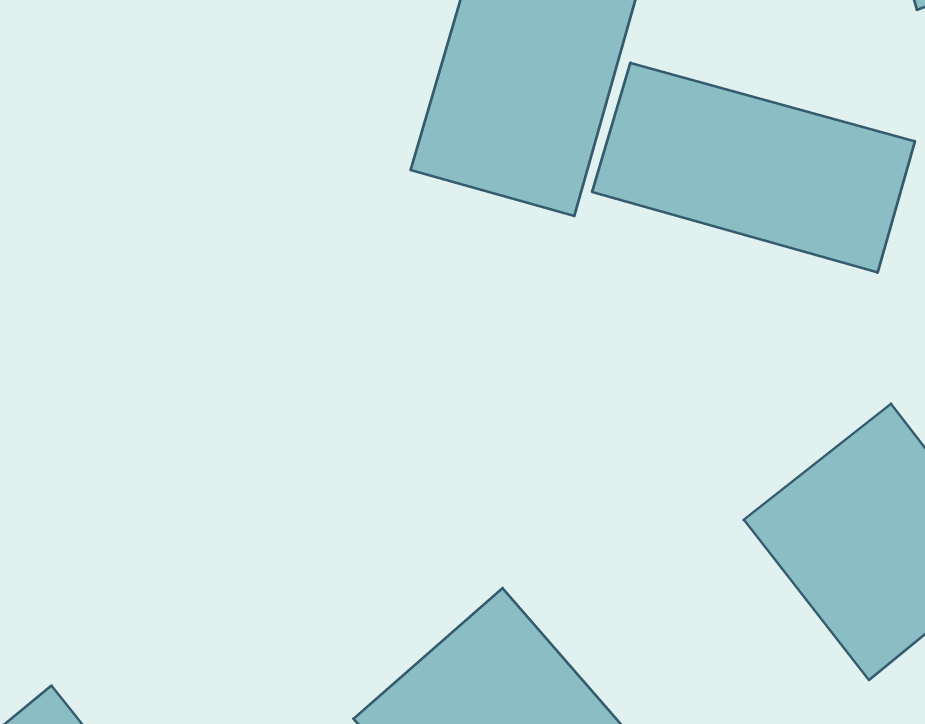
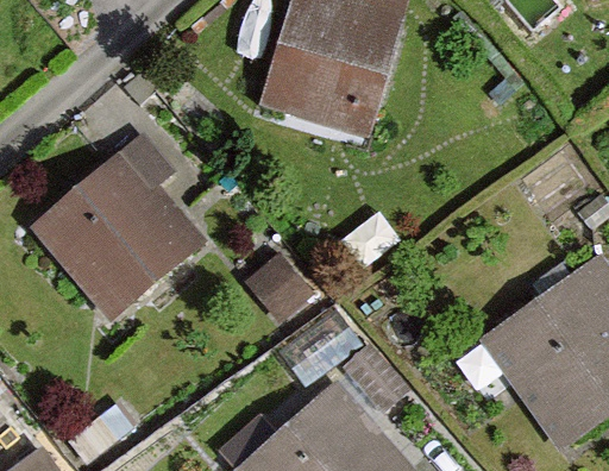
building: [592,63,915,273] -> none
building: none -> [24,143,202,320]

